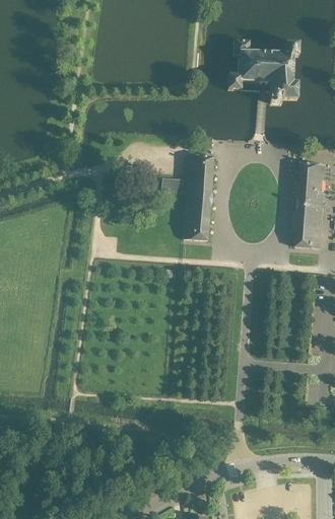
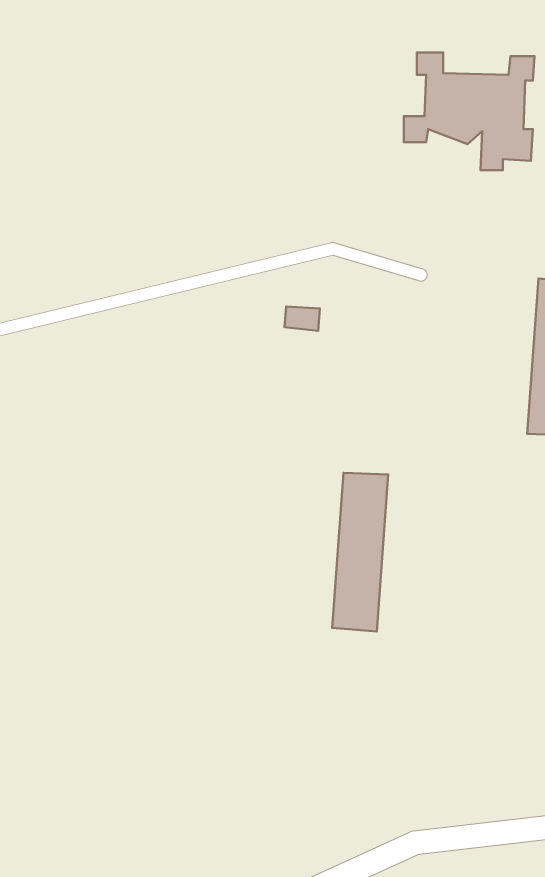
building: [183,154,213,240] -> [332,473,388,632]

